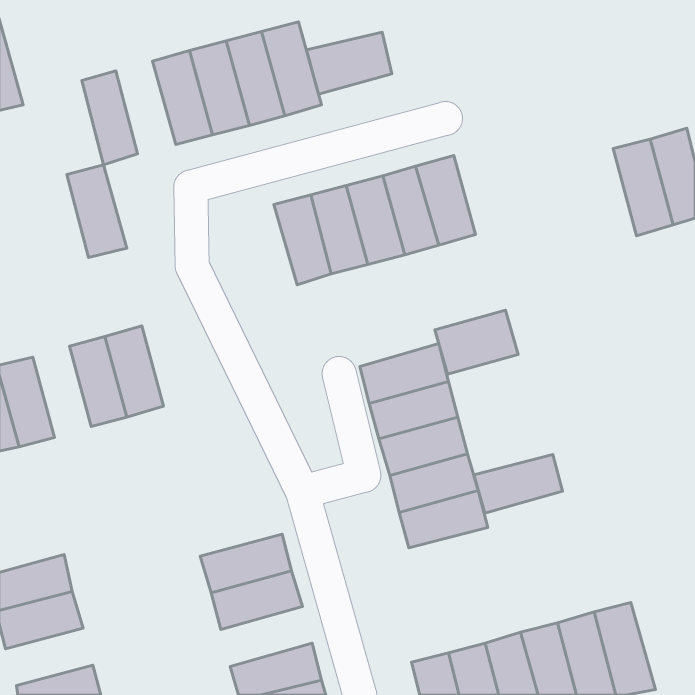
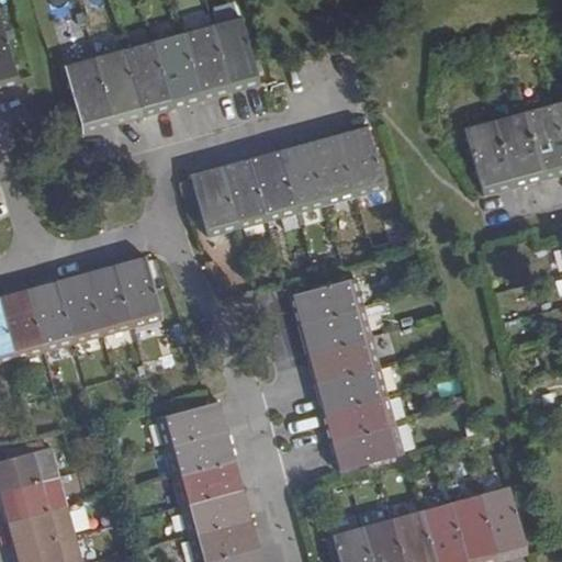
building: [306,32,392,94] -> none
building: none -> [464,120,513,198]
building: [67,165,127,258] -> [93,49,142,124]
building: none -> [191,165,239,237]
building: [435,310,518,374] -> none
building: none -> [114,255,161,327]
building: none -> [26,279,74,352]
building: [474,454,562,513] -> [329,425,401,472]
building: none -> [154,401,227,448]
building: none -> [178,488,251,537]
building: none -> [4,506,75,552]

